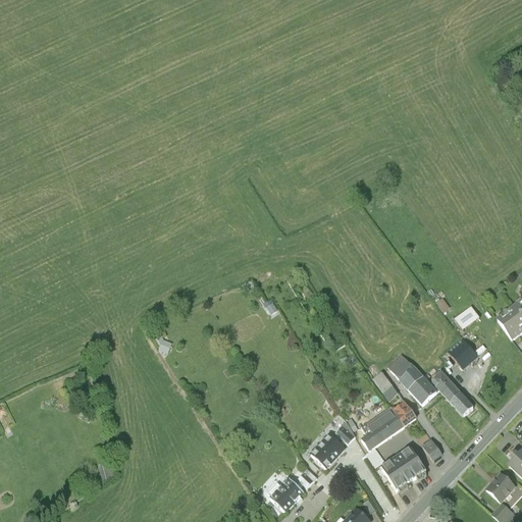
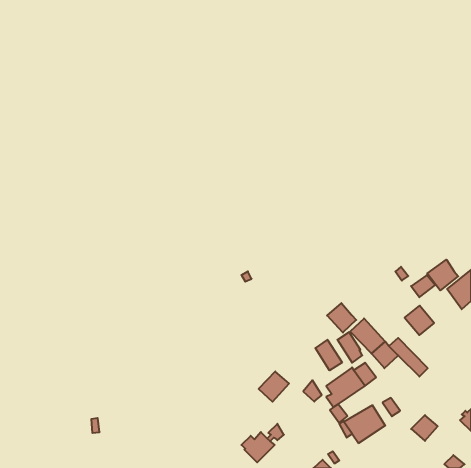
building: none -> [427,260,458,290]
building: none -> [327,303,356,333]
building: none -> [315,340,342,370]
building: [311,434,345,468] -> [259,371,289,402]
building: [485,473,515,502] -> [411,415,438,441]

